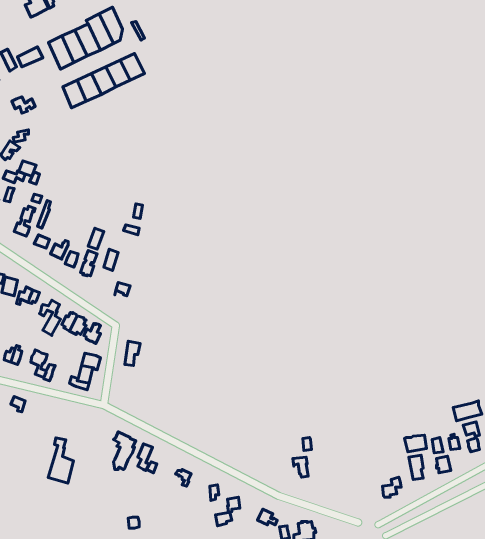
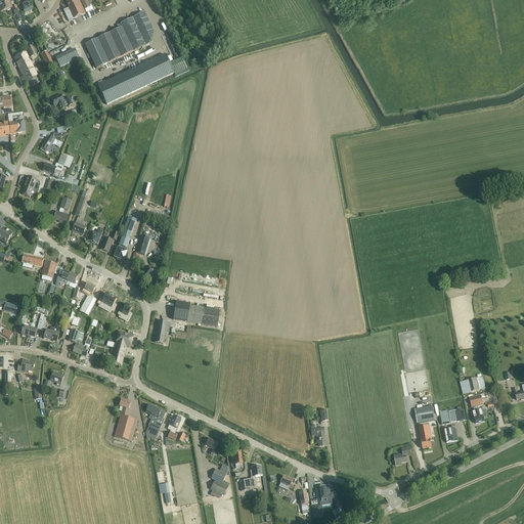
building: none -> [174,302,220,325]
building: [48,438,73,483] -> [114,398,137,440]
building: none -> [211,463,230,496]

